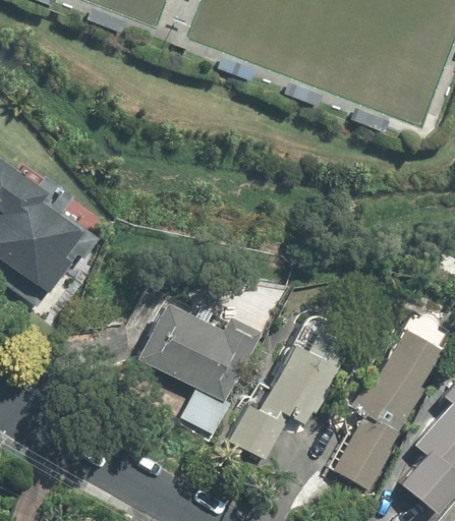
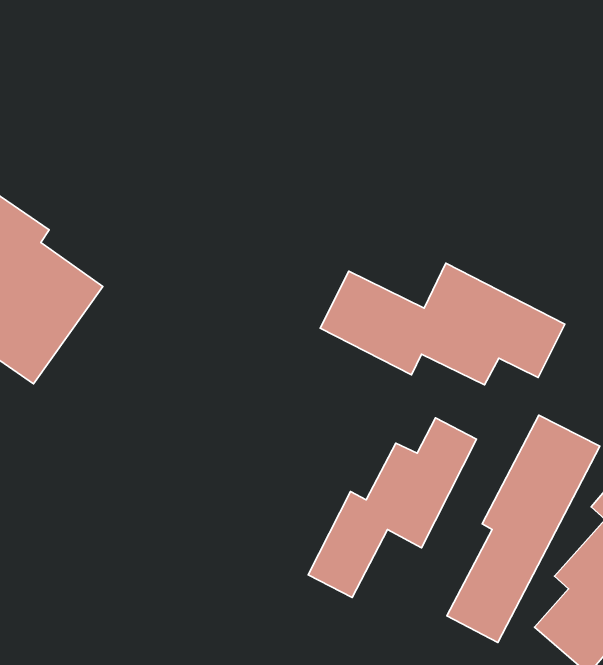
building: none -> [320,263,565,385]
building: [136,305,275,437] -> none

